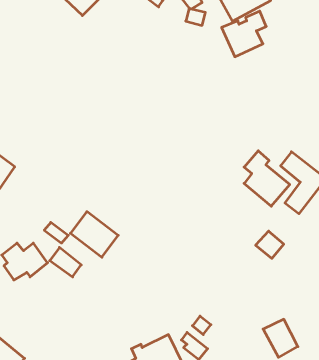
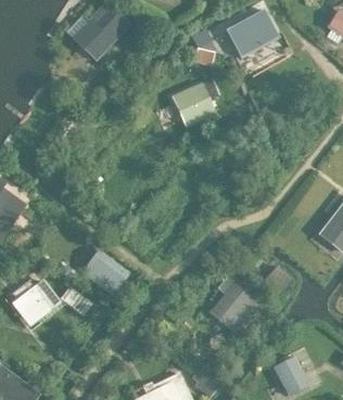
building: [222,11,266,57] -> [174,81,218,127]
building: [244,151,290,206] -> [216,273,262,328]

